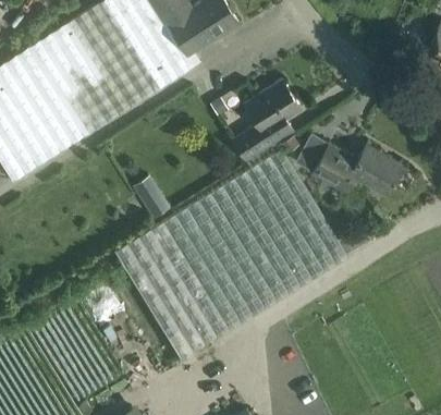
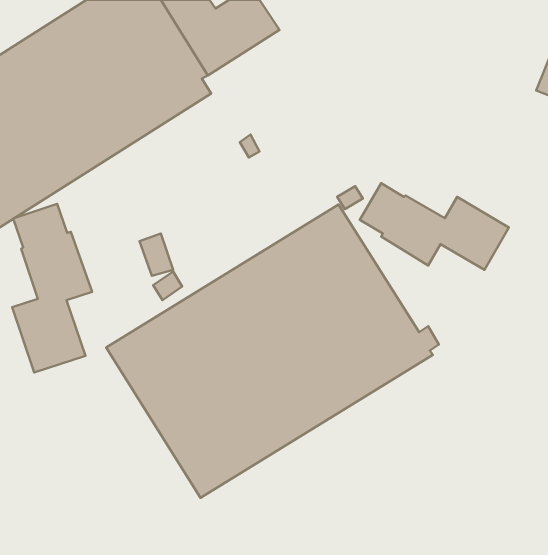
building: [233,81,301,161] -> none
building: none -> [12,204,92,372]

